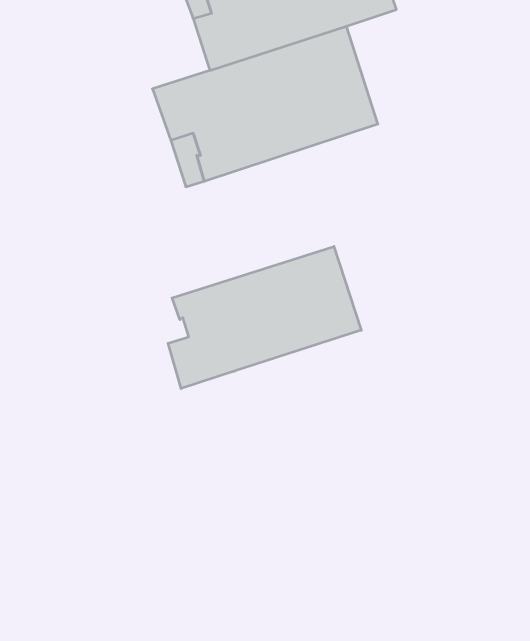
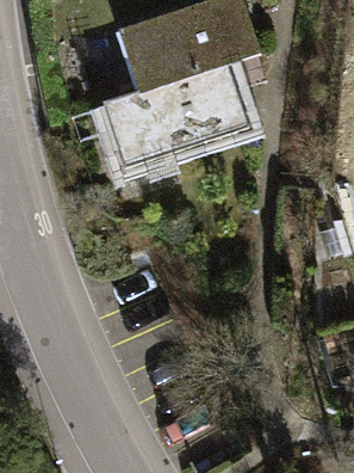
building: [168,246,361,389] -> none

